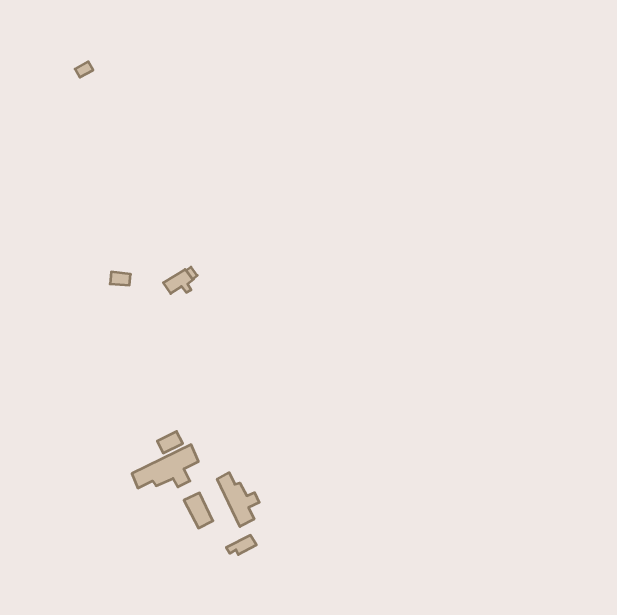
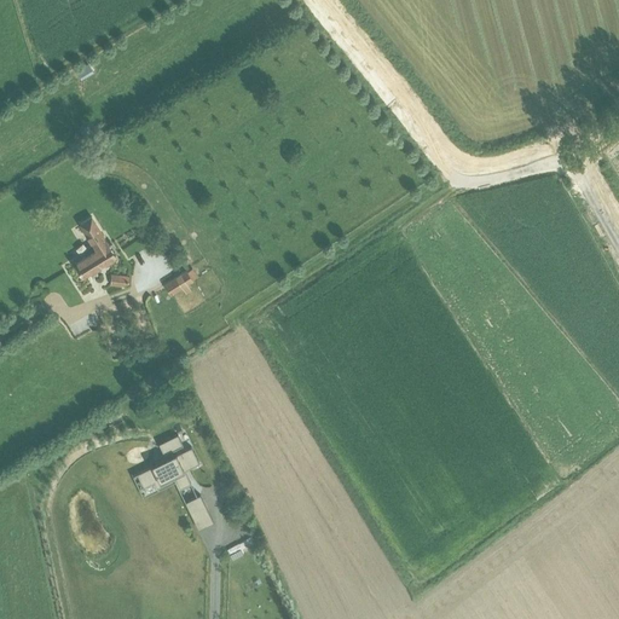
building: none -> [75,216,117,277]
building: [217,473,259,527] -> none

